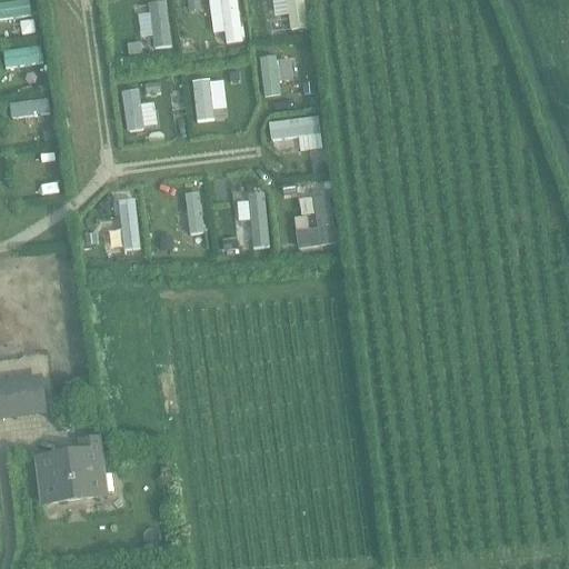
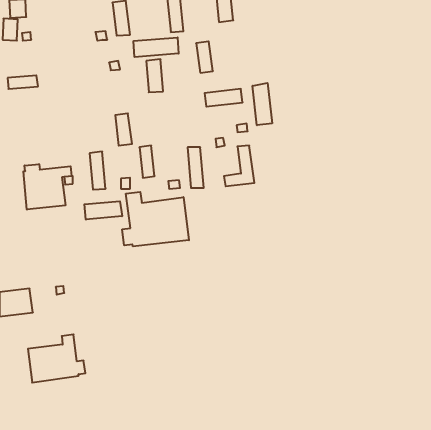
building: none -> [134,37,179,57]
building: [121,89,143,131] -> [115,113,132,146]
building: none -> [253,83,272,125]
building: none -> [23,164,71,210]
building: none -> [122,192,189,246]
building: none -> [84,201,122,220]

